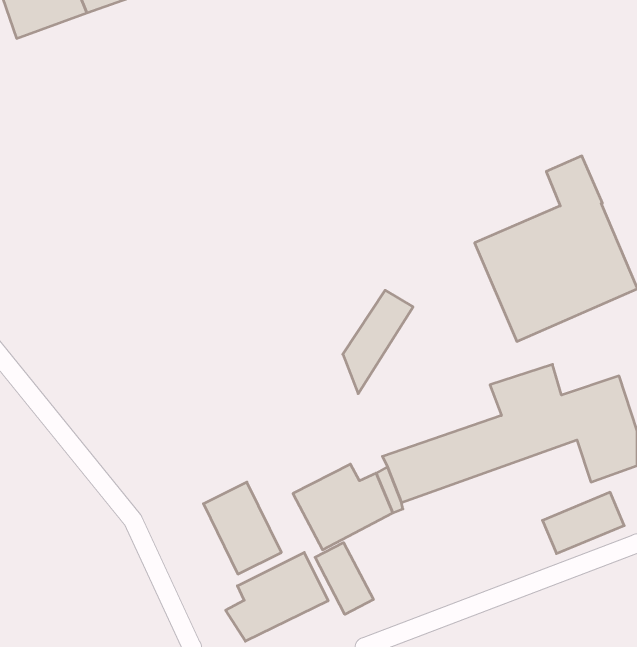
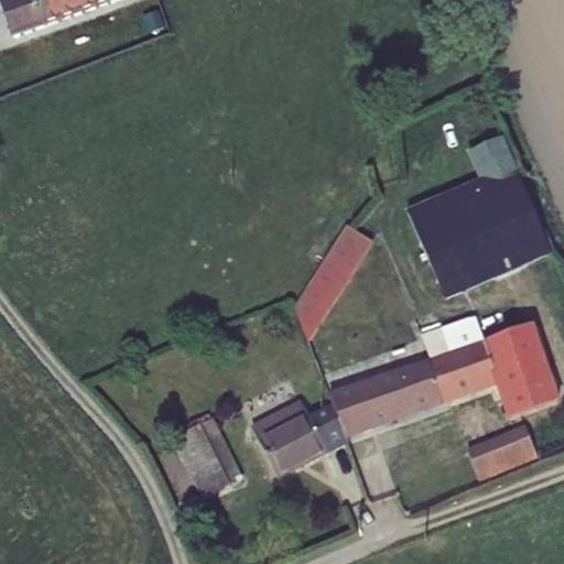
building: [315,543,373,614] -> none
building: [226,552,328,641] -> none

